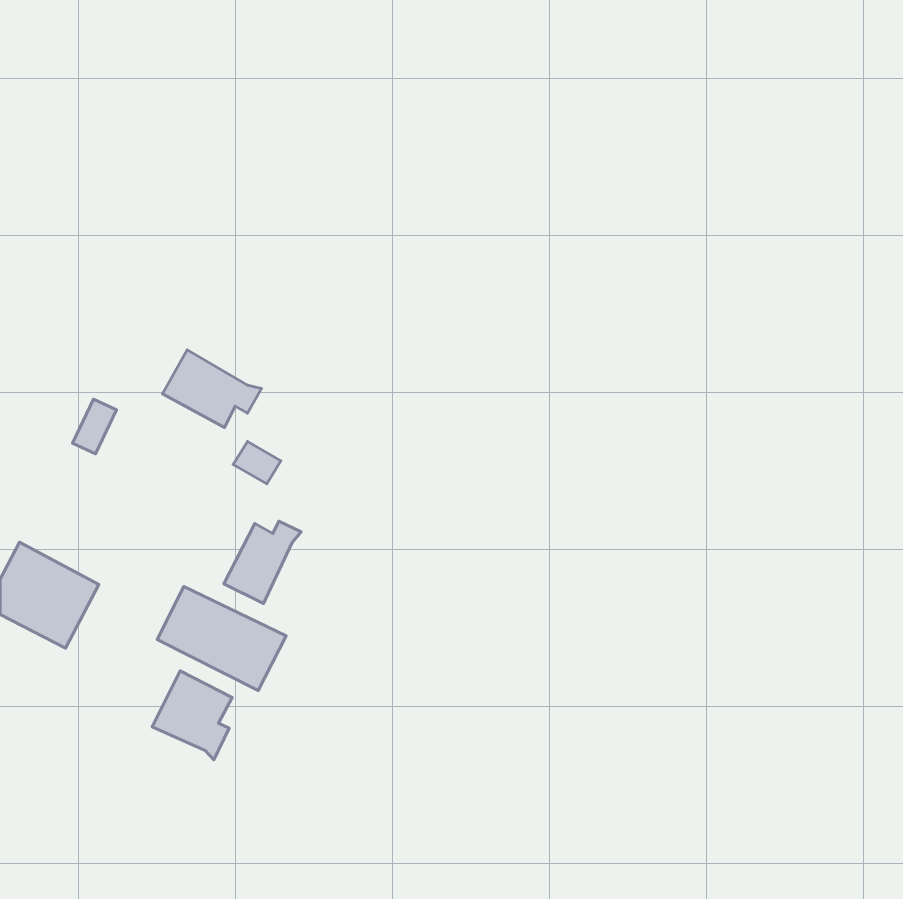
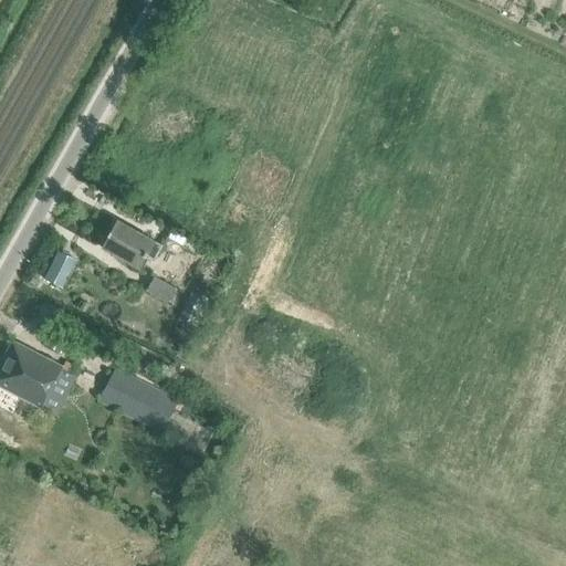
building: [224,521,301,603] -> none
building: [152,671,232,760] -> none

